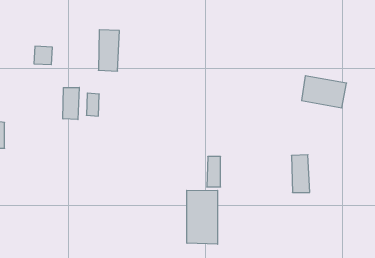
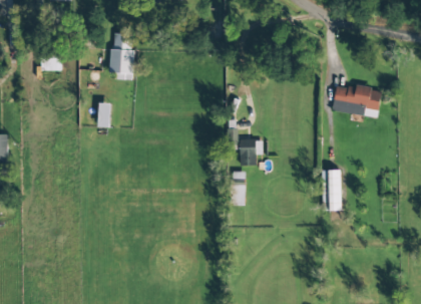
building: [63,87,79,120] -> none
building: none -> [240,138,263,166]
building: [187,190,218,244] -> none

